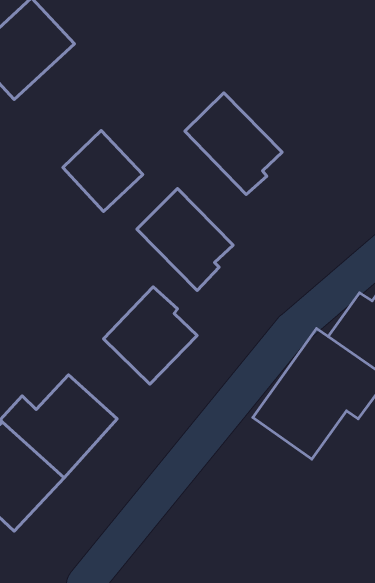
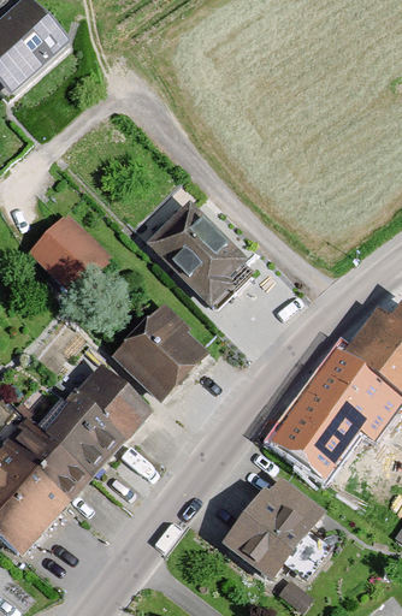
building: [185,93,282,195] -> none
building: [63,131,143,212] -> [28,212,111,296]
building: none -> [73,363,150,438]
building: none -> [220,470,326,581]

